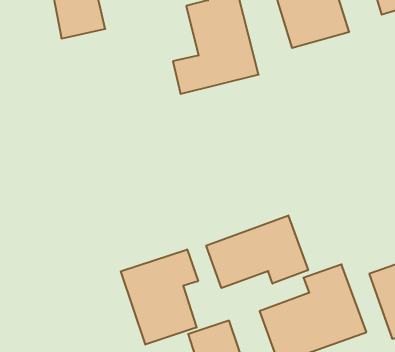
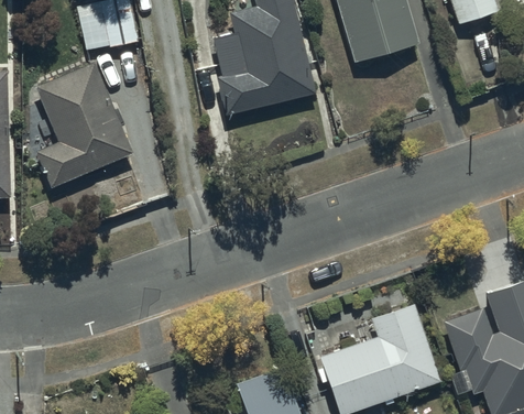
building: none -> [37,59,133,184]
building: [206,215,308,288] -> none
building: [121,249,198,345] -> none

